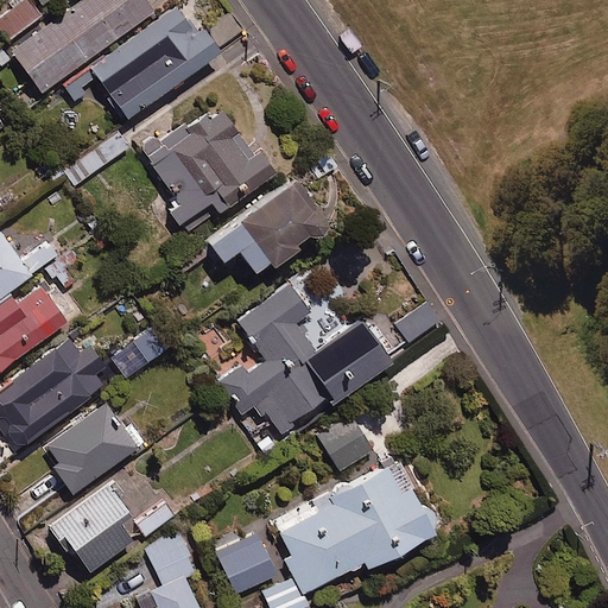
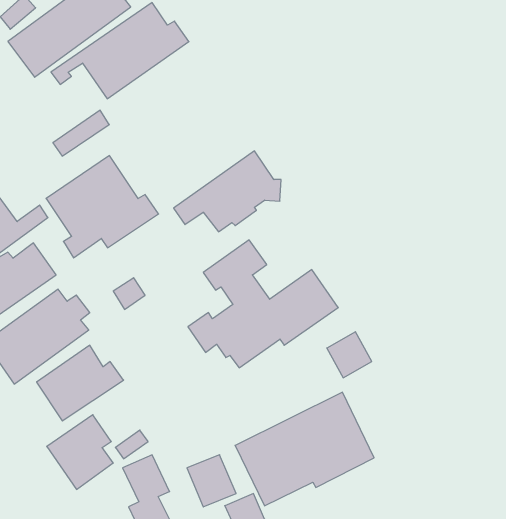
building: [146,106,277,224] -> [46,156,159,258]
building: [319,418,372,471] -> [327,332,372,378]

